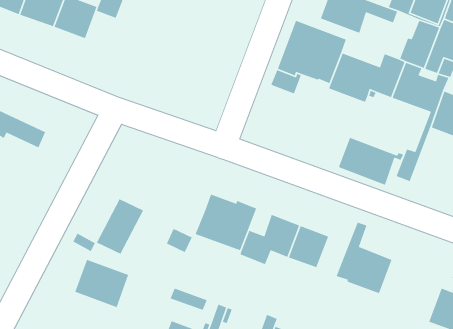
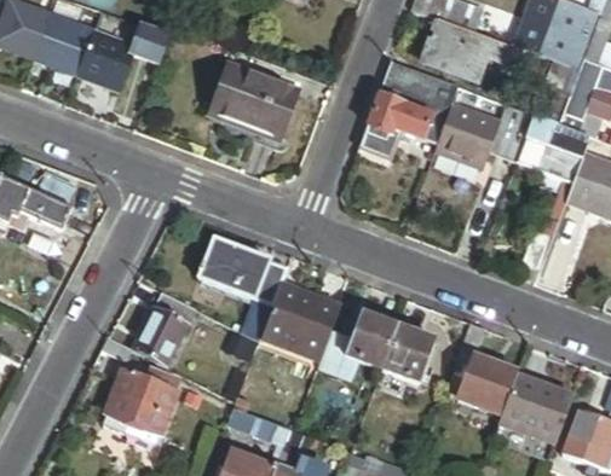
building: none -> [211,64,298,137]
building: [338,137,404,186] -> none
building: none -> [200,238,289,306]
building: none -> [498,371,575,445]

